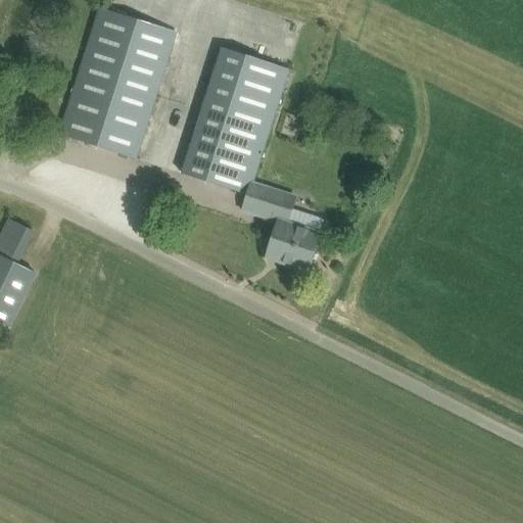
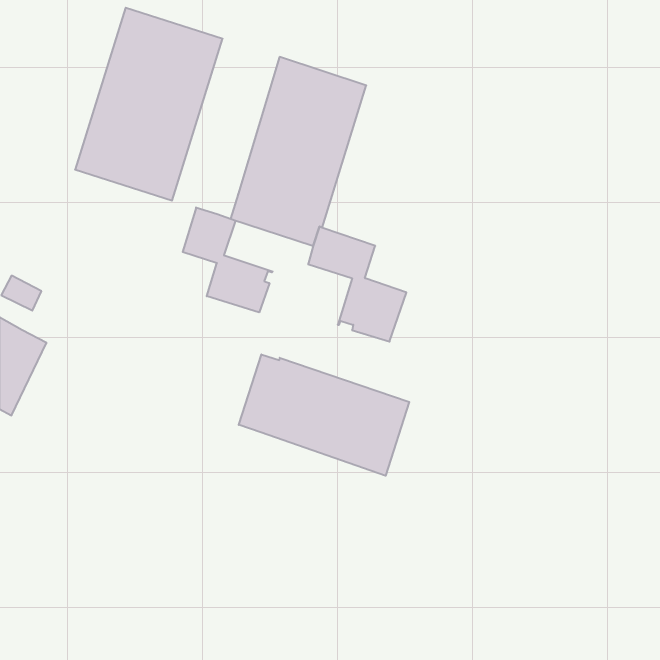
building: none -> [183,207,273,312]
building: none -> [239,354,409,476]

